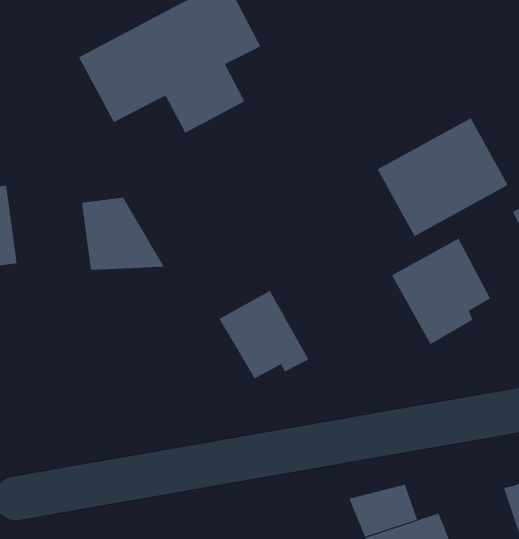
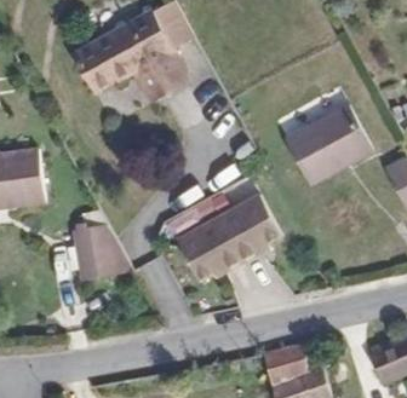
building: [81,197,165,270] -> [67,219,124,269]
building: [391,238,491,345] -> [208,191,276,264]

